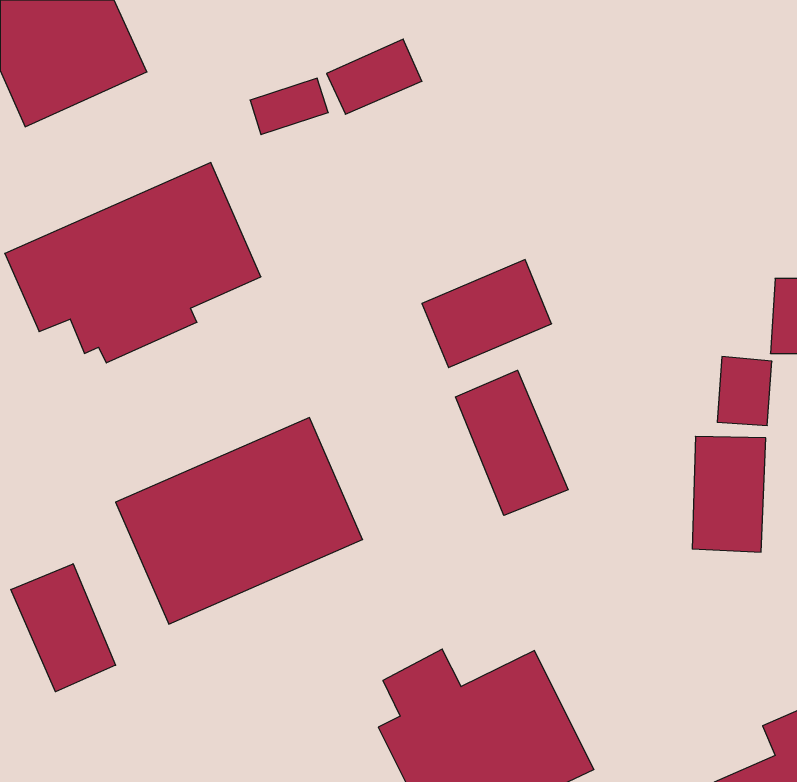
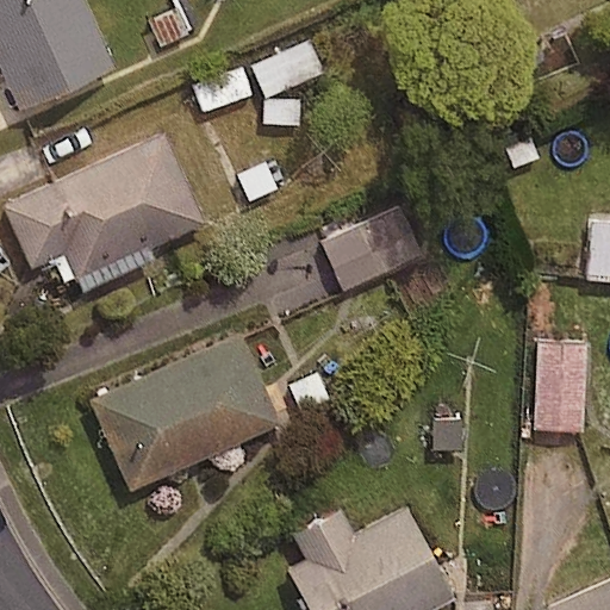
building: [455,370,568,515] -> none
building: [11,564,116,692] -> none

